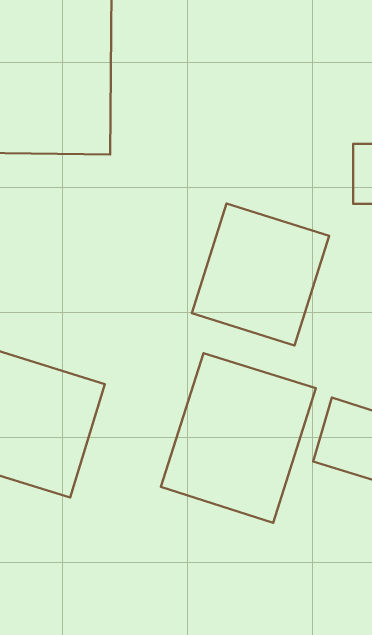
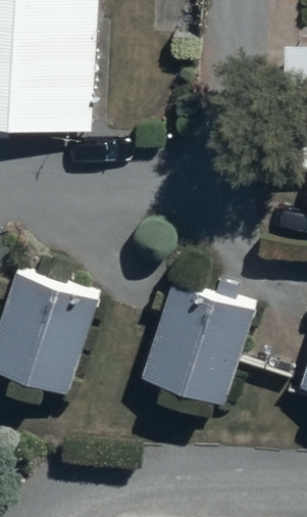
building: [192,204,329,345] -> none

